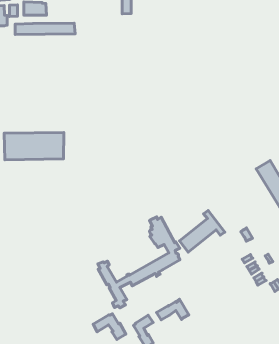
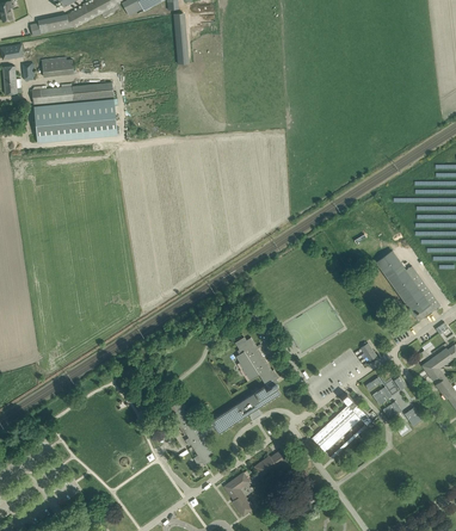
building: [4,133,64,160] -> [33,99,117,142]
building: [179,211,225,252] -> [312,394,372,452]
building: [93,314,126,340] -> none

